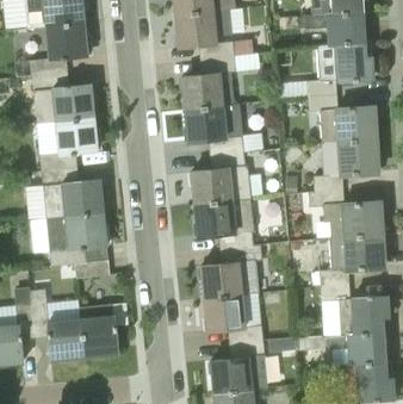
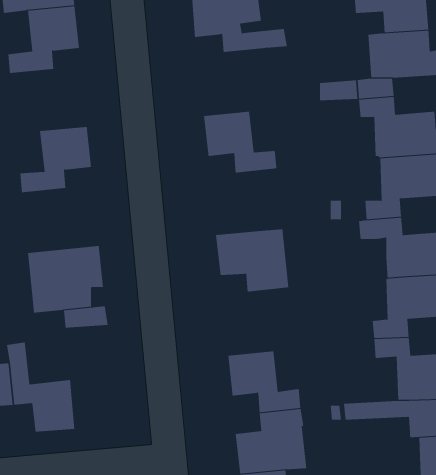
building: [181,56,237,110] -> none
building: [31,73,93,123] -> none
building: [191,151,248,204] -> none
building: [41,167,103,218] -> none
building: [200,244,260,299] -> none
building: [79,304,117,358] -> none

